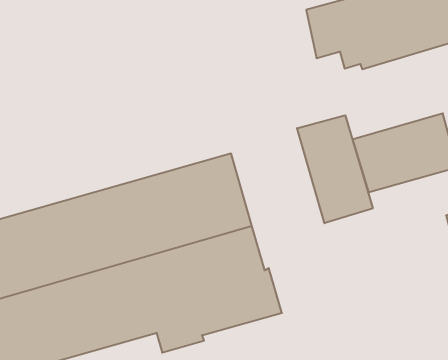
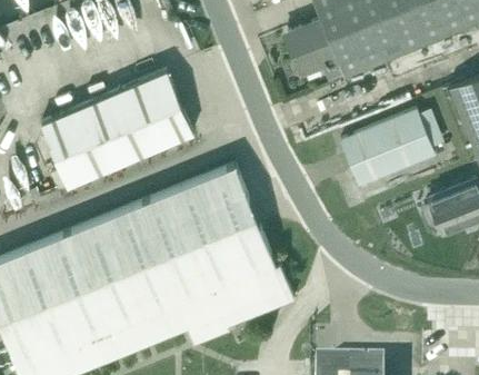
building: none -> [41,70,193,187]
building: [297,115,373,223] -> none

